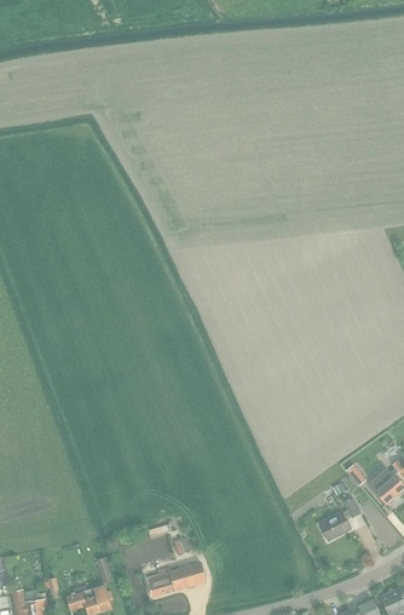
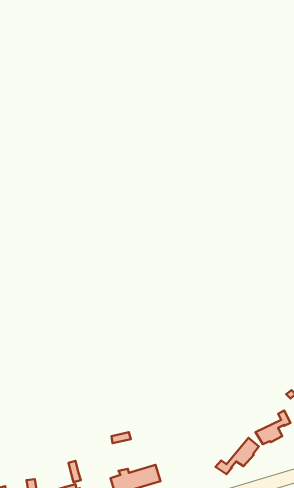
building: none -> [216,438,259,474]

